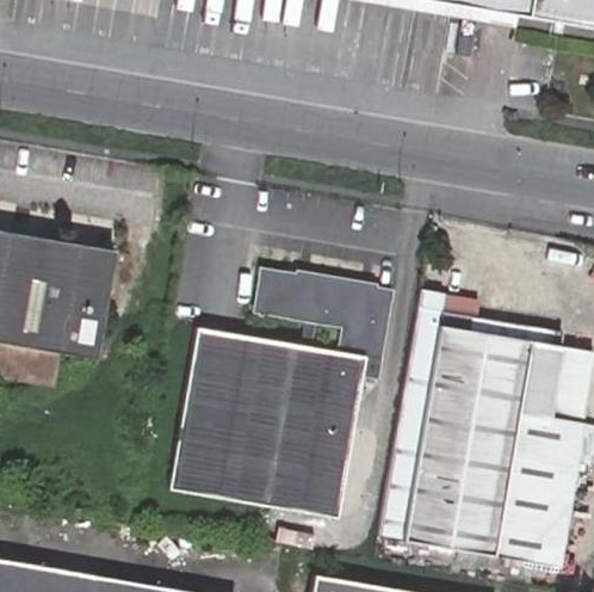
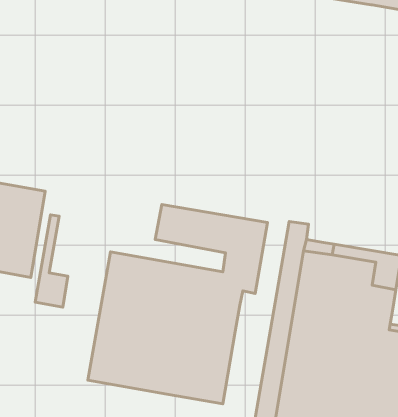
building: none -> [35,215,68,307]

